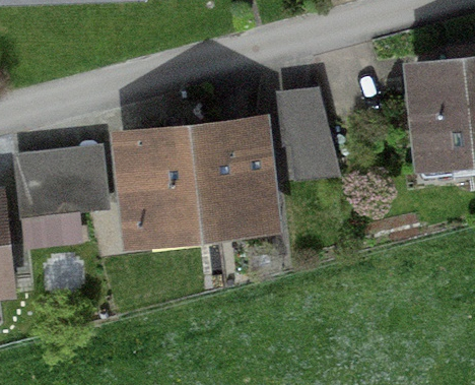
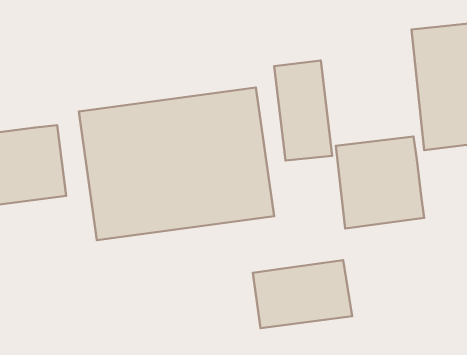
building: none -> [336,137,424,229]
building: none -> [253,260,352,328]

